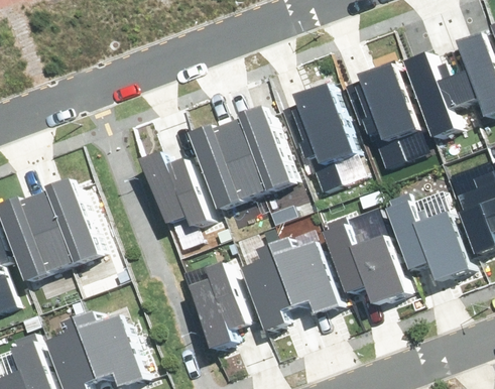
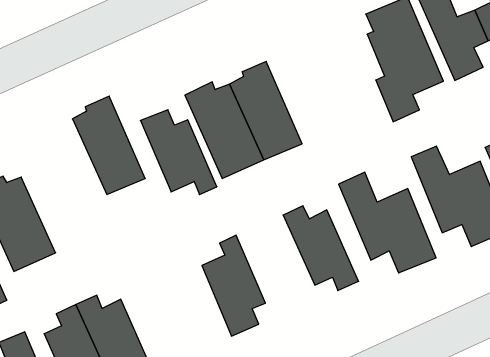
building: [291,80,358,190] -> none
building: [37,179,99,267] -> [72,96,145,195]
building: [238,247,293,337] -> none

